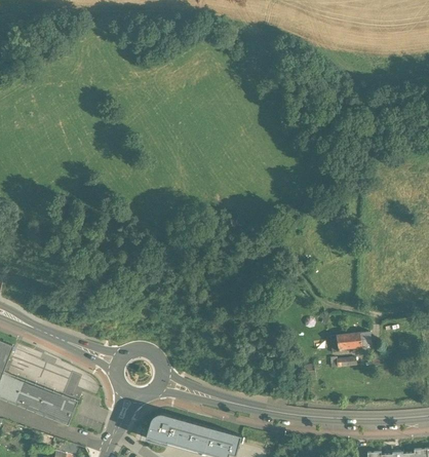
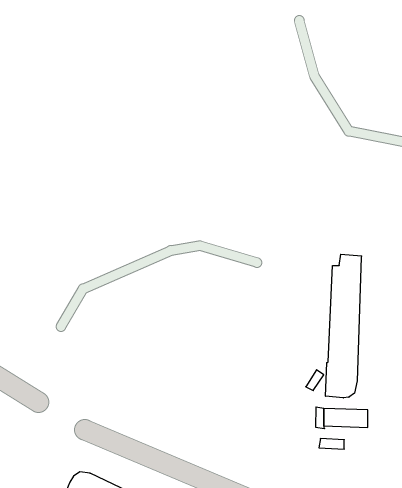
building: none -> [326,254,362,398]

